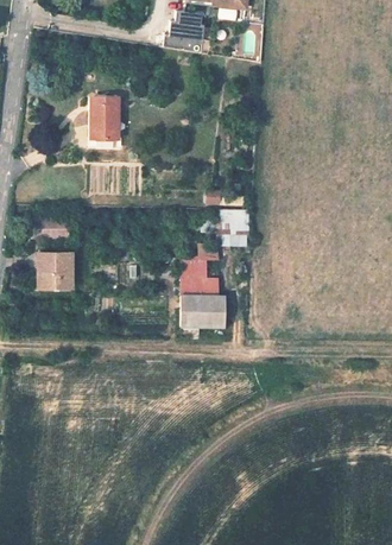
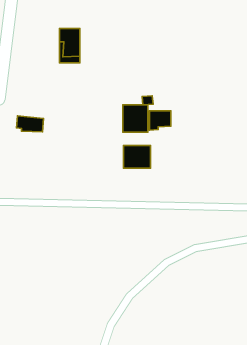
building: none -> [123,105,148,132]
building: [38,253,74,287] -> none
building: [181,296,225,328] -> none

